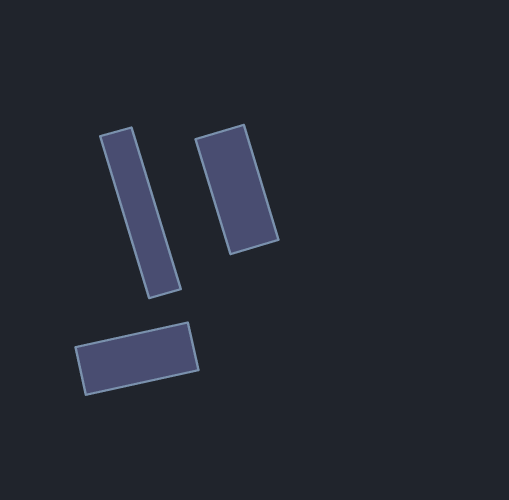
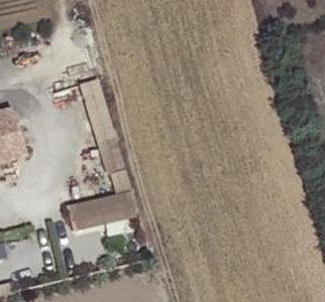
building: [195,125,279,254] -> none

